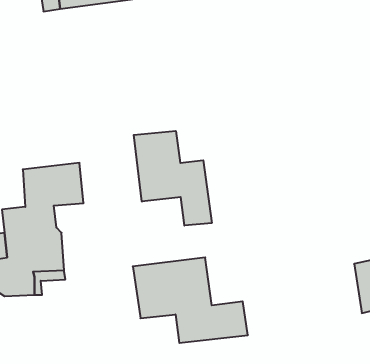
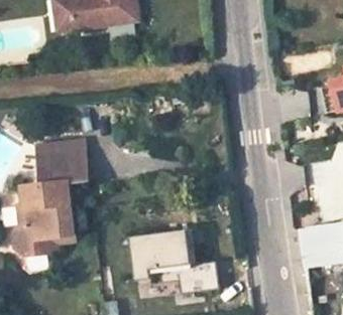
building: [134,131,212,226] -> none

